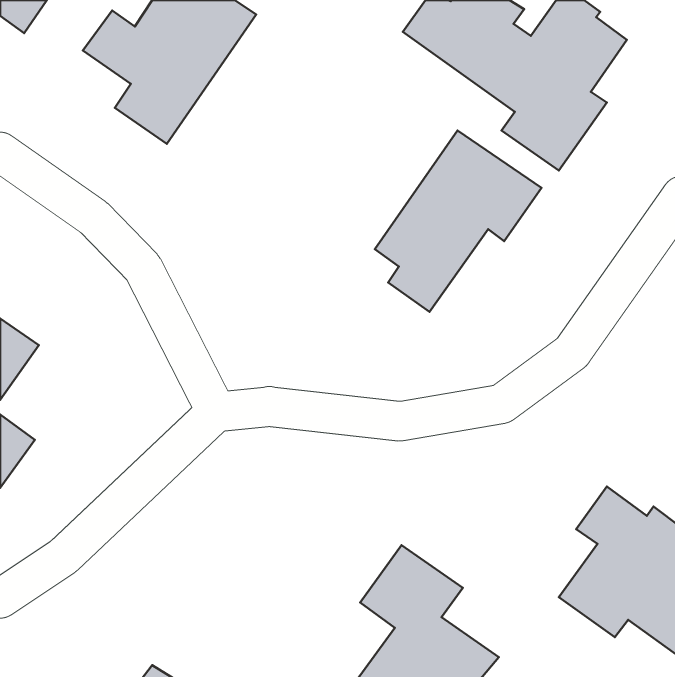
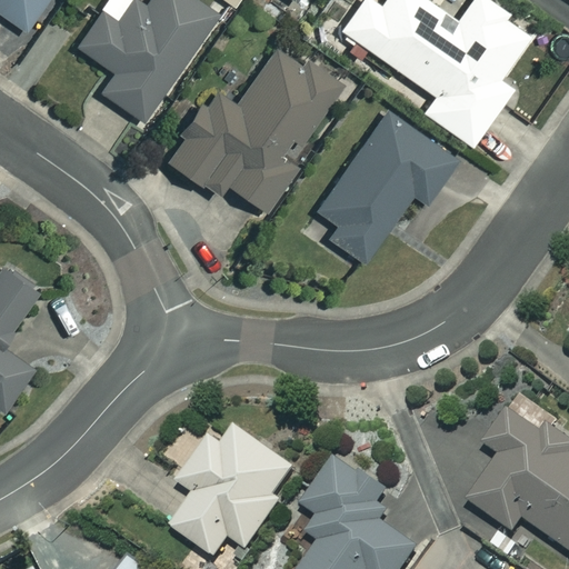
building: none -> [159,44,339,211]
building: none -> [176,430,297,559]

